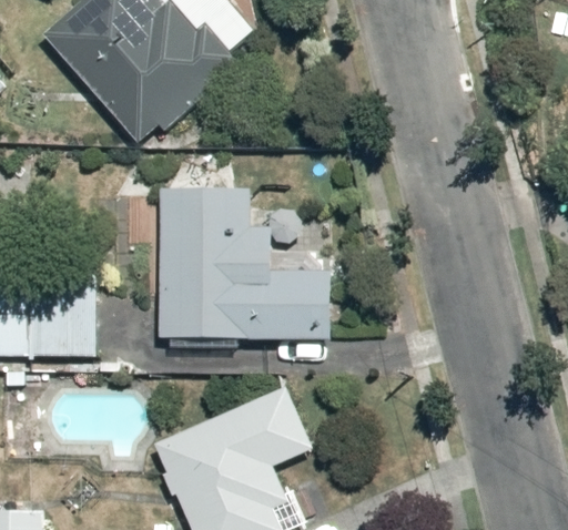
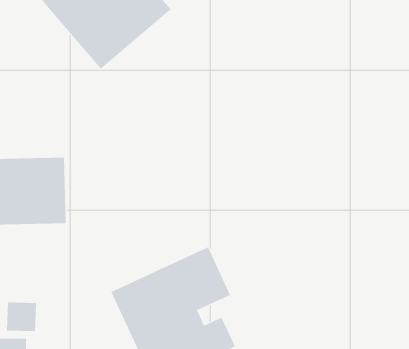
building: [155,193,327,348] -> none

